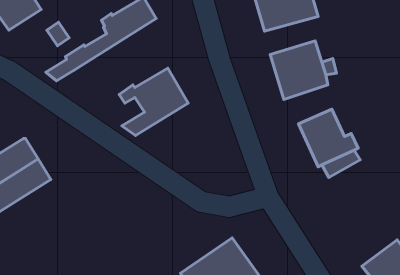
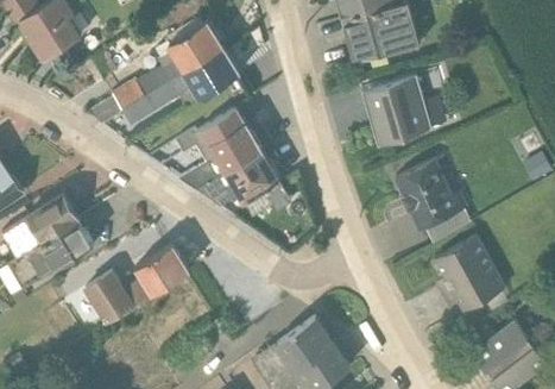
building: none -> [122,49,239,126]
building: none -> [197,152,279,207]
building: none -> [434,234,505,310]
building: none -> [84,245,189,322]

